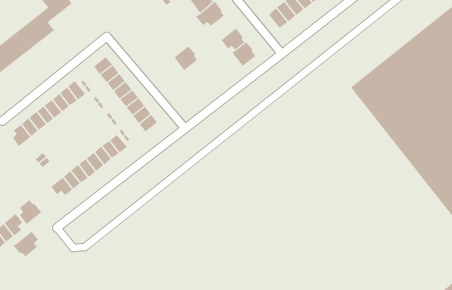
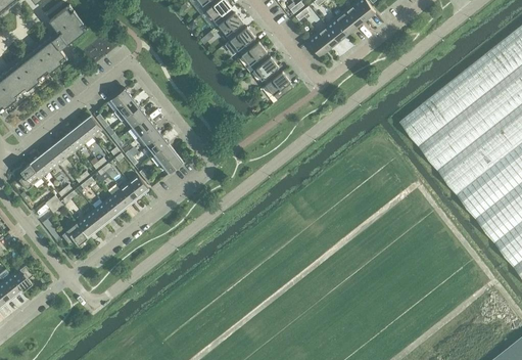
building: [174,46,198,71] -> [243,41,270,70]
building: [19,200,42,225] -> none
building: [13,231,39,257] -> none

